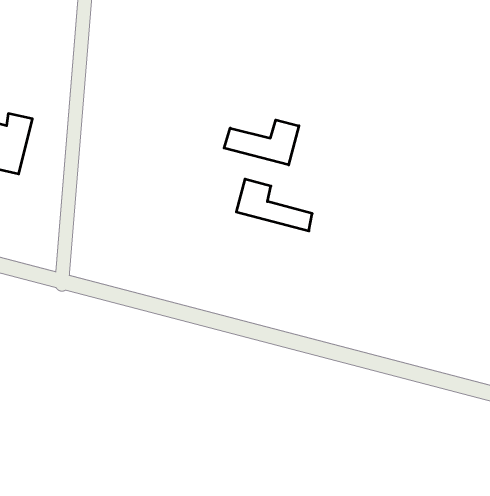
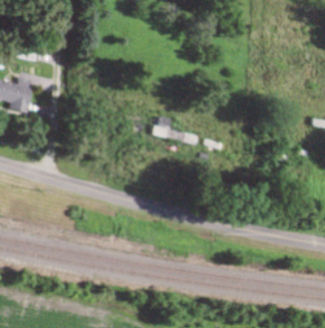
building: [224,120,299,165] -> none

